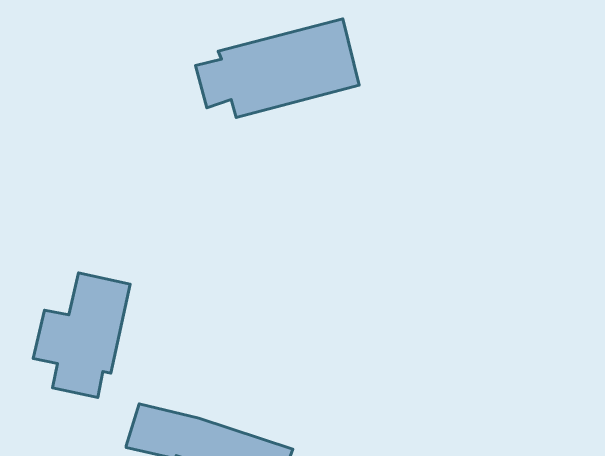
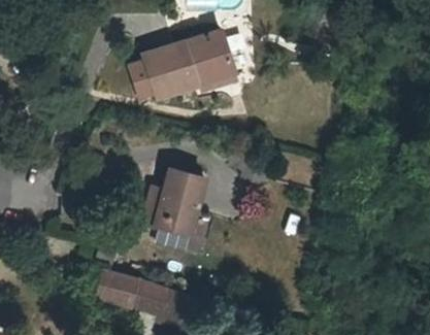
building: [33,273,130,397] -> [145,172,207,252]

